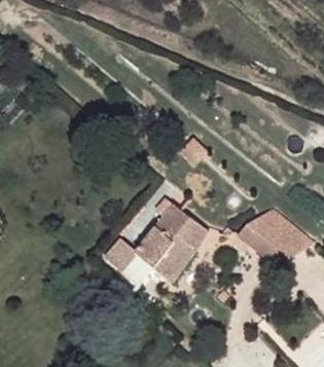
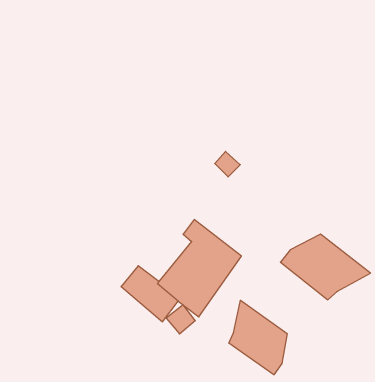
building: none -> [229,300,287,375]

